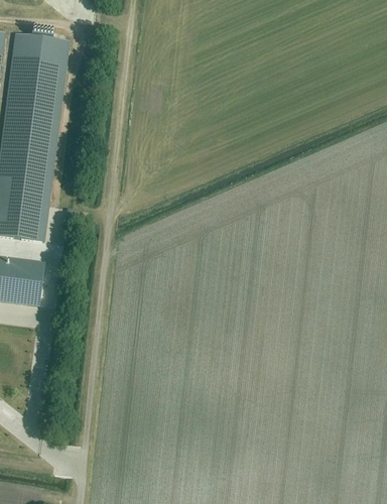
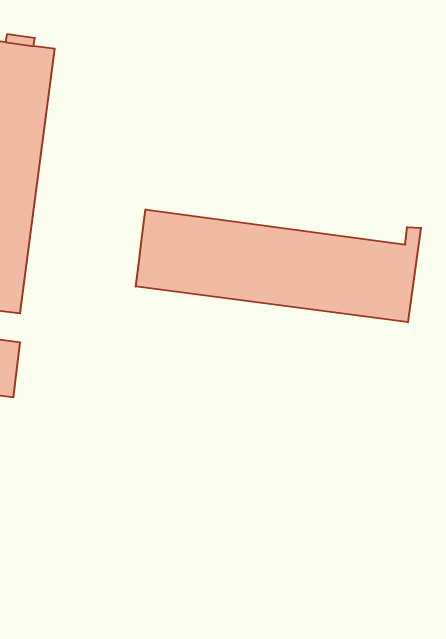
building: none -> [136,209,421,322]

